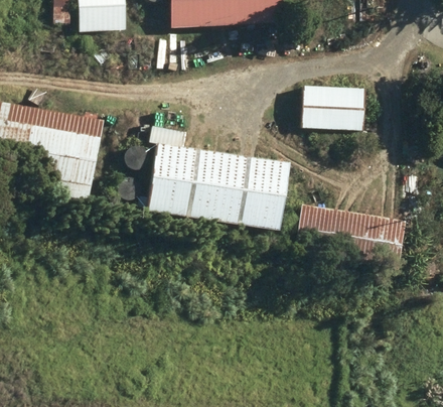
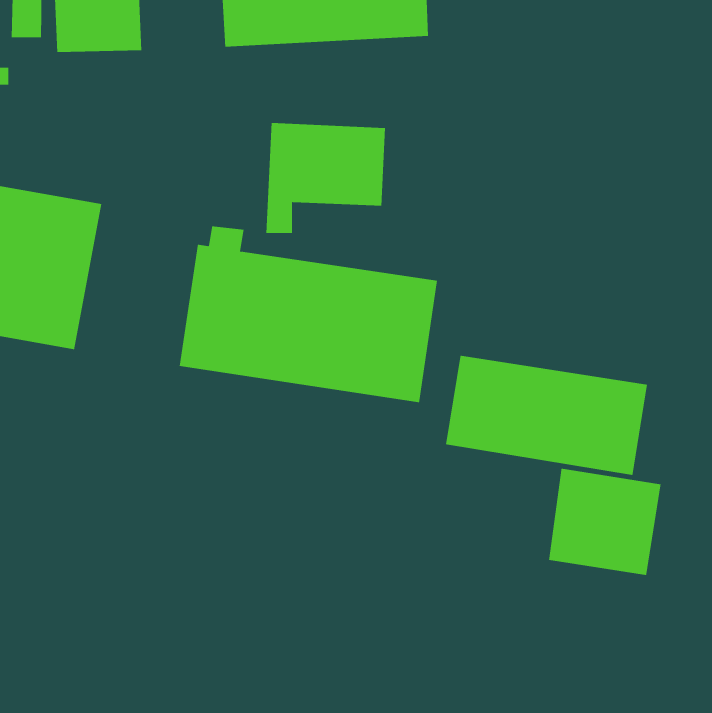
building: [299,81,365,142] -> [265,122,386,234]
building: none -> [548,468,661,576]

